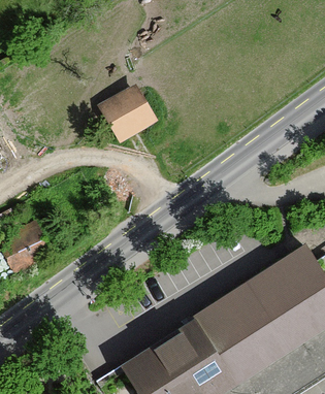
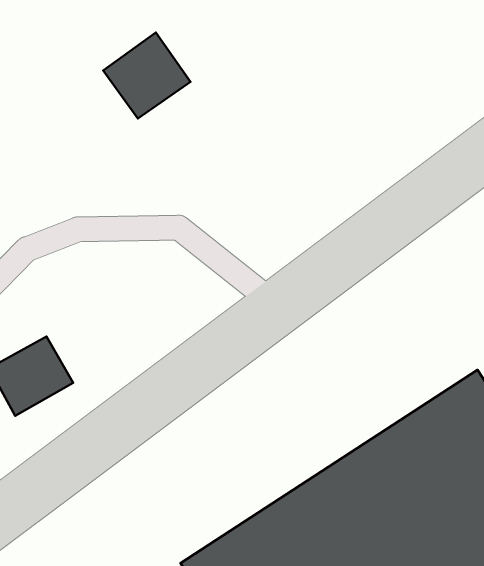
building: [99,87,154,140] -> [103,32,191,118]

